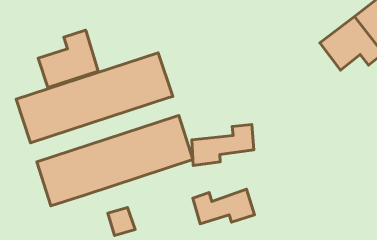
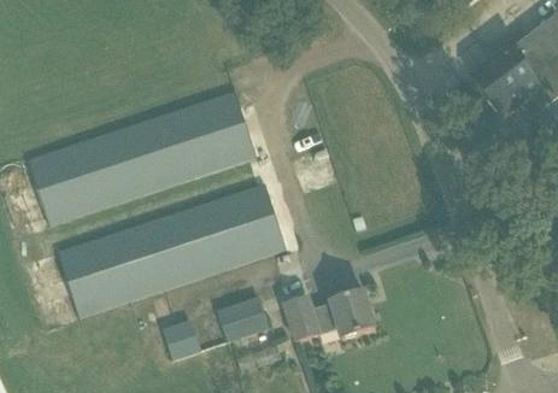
building: [38,30,98,88] -> none
building: [192,124,254,166] -> none
building: none -> [218,298,271,344]

